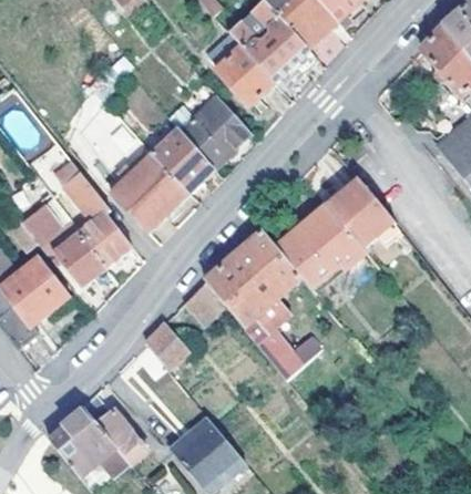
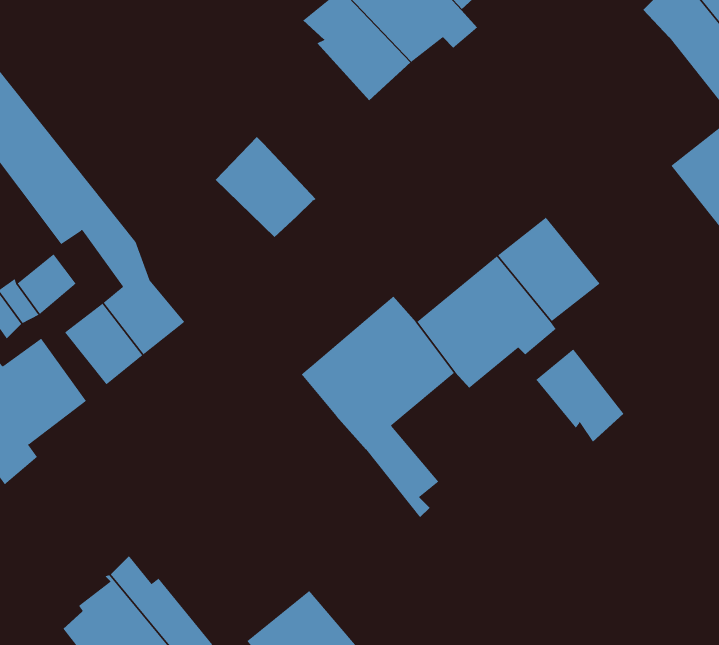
building: [181,96,249,167] -> none
building: [111,155,187,230] -> none
building: none -> [535,349,624,442]
building: [184,278,226,323] -> none
building: [146,320,190,366] -> none

